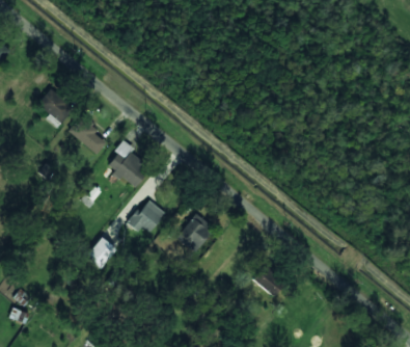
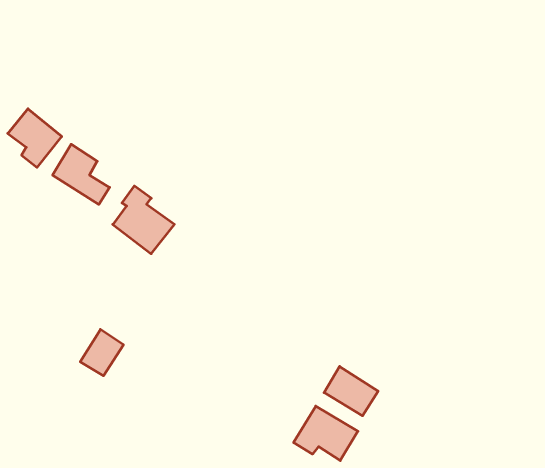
building: [127,202,165,234] -> none
building: [176,214,214,253] -> none
building: none -> [294,406,358,461]

